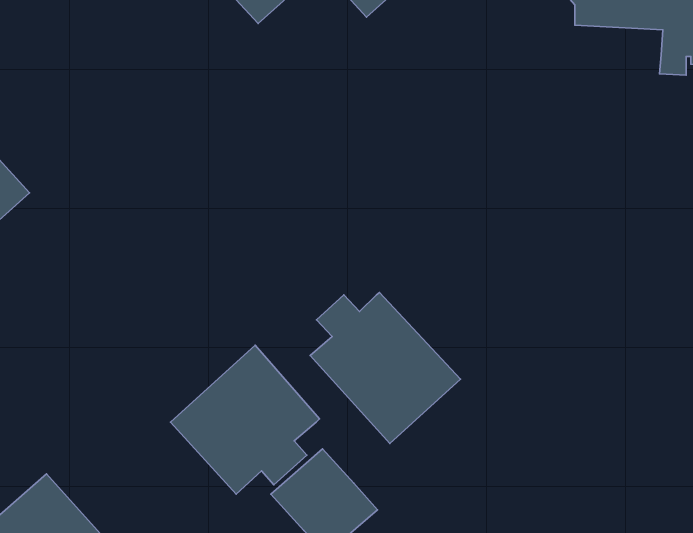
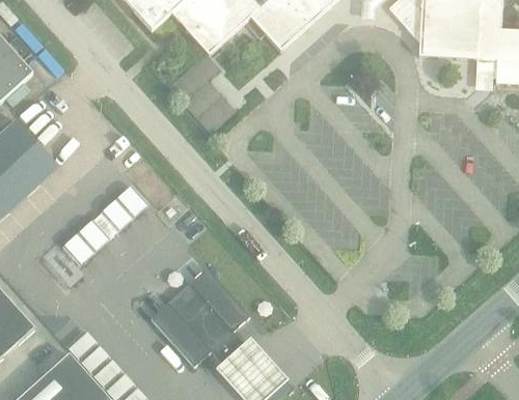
building: [310,292,460,443] -> none

